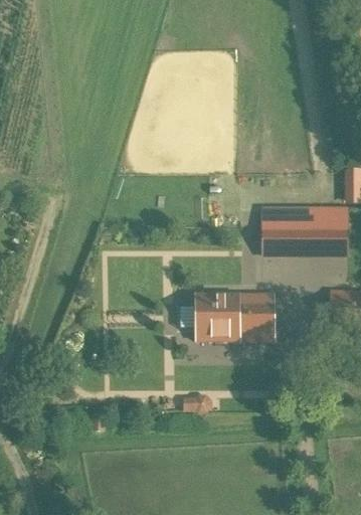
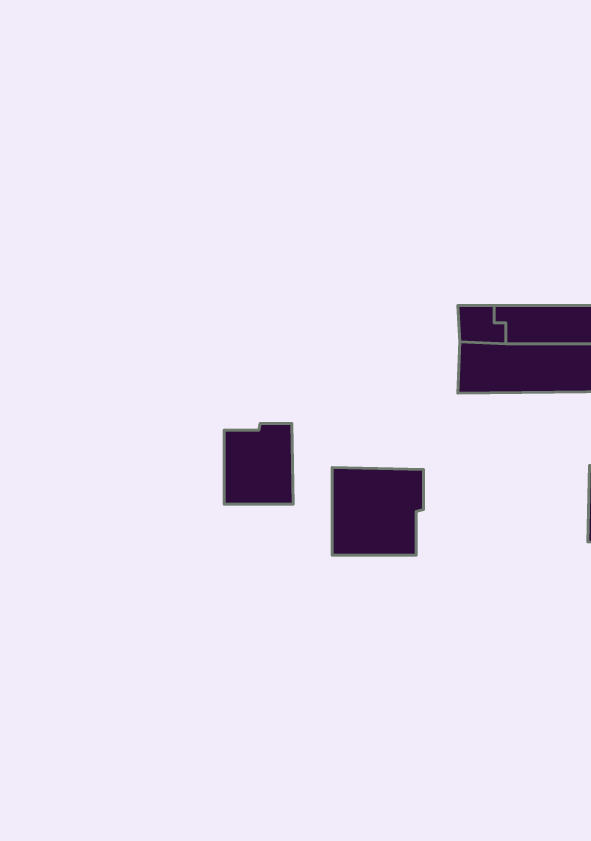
building: none -> [224,423,293,504]
building: [238,294,275,339] -> none

